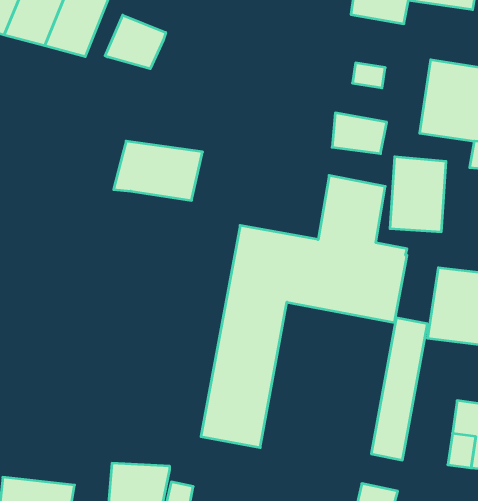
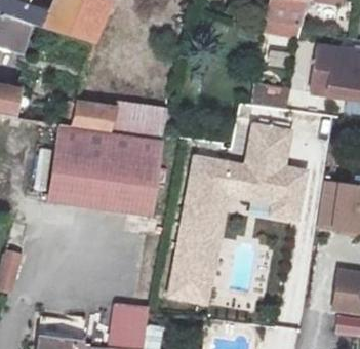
building: [105,15,166,69] -> none
building: none -> [72,103,118,131]
building: none -> [49,138,164,215]

